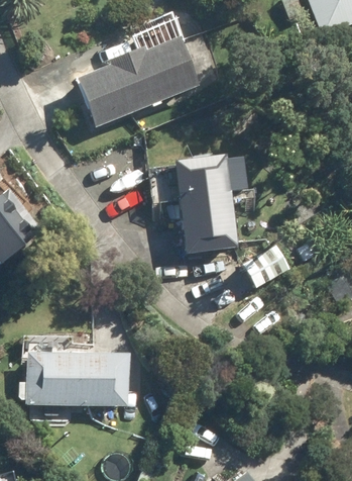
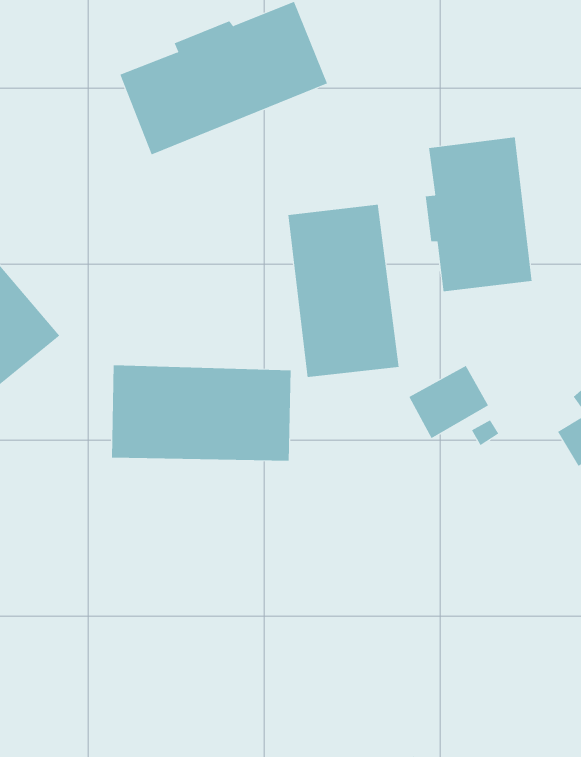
building: none -> [425,137,532,292]
building: [25,351,129,406] -> [111,365,291,461]

